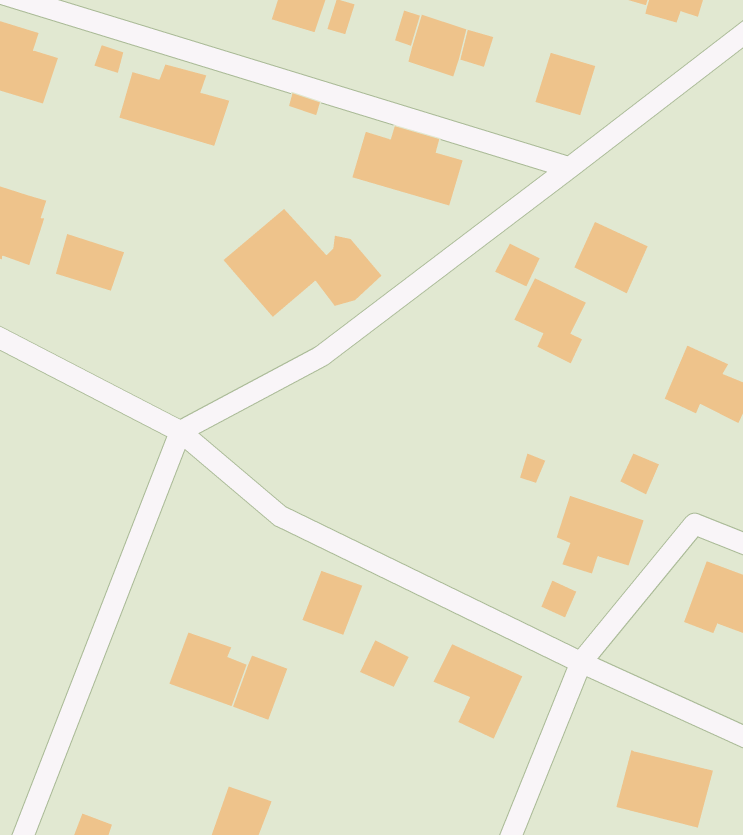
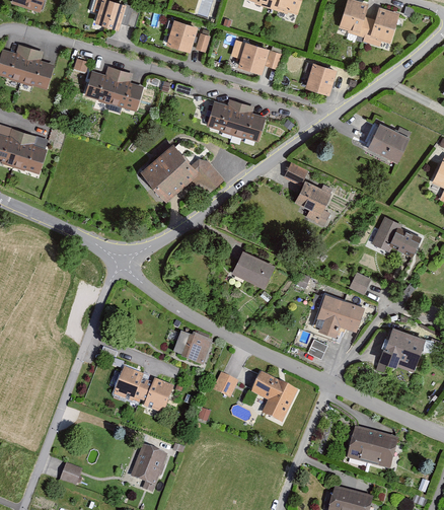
building: [573,221,648,294] -> [369,124,409,162]
building: [55,233,125,291] -> none
building: none -> [233,251,275,288]

